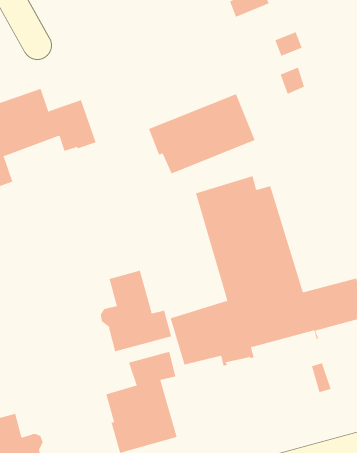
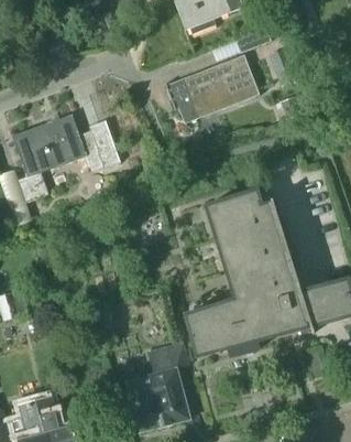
building: [148,93,256,174] -> [166,53,260,123]
building: [100,270,172,352] -> none

